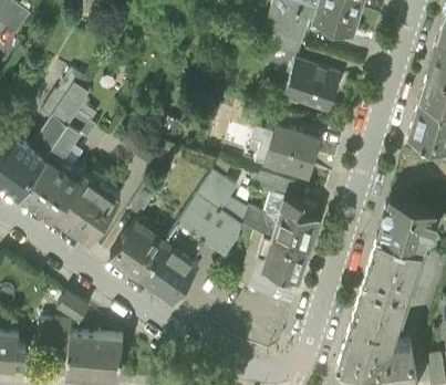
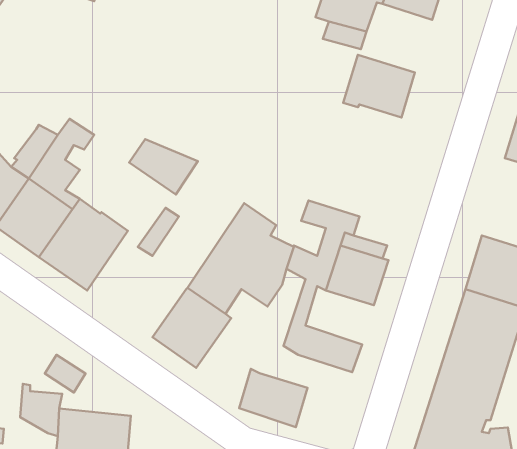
building: [42,69,92,123] -> none
building: [265,126,319,173] -> none
building: [110,219,165,277] -> none
building: [256,238,308,282] -> [239,369,308,427]

